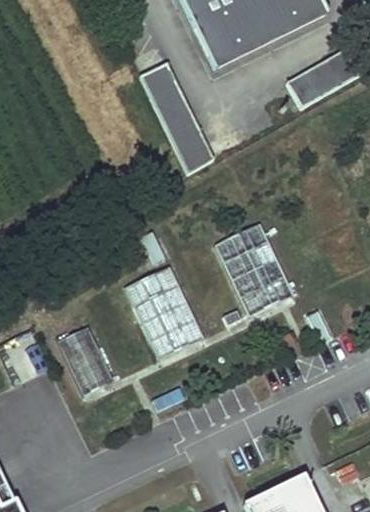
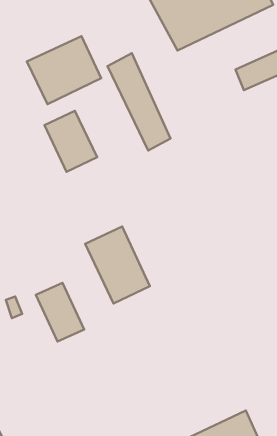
building: none -> [27,36,101,104]
building: none -> [45,111,97,172]
building: [209,224,282,313] -> none

